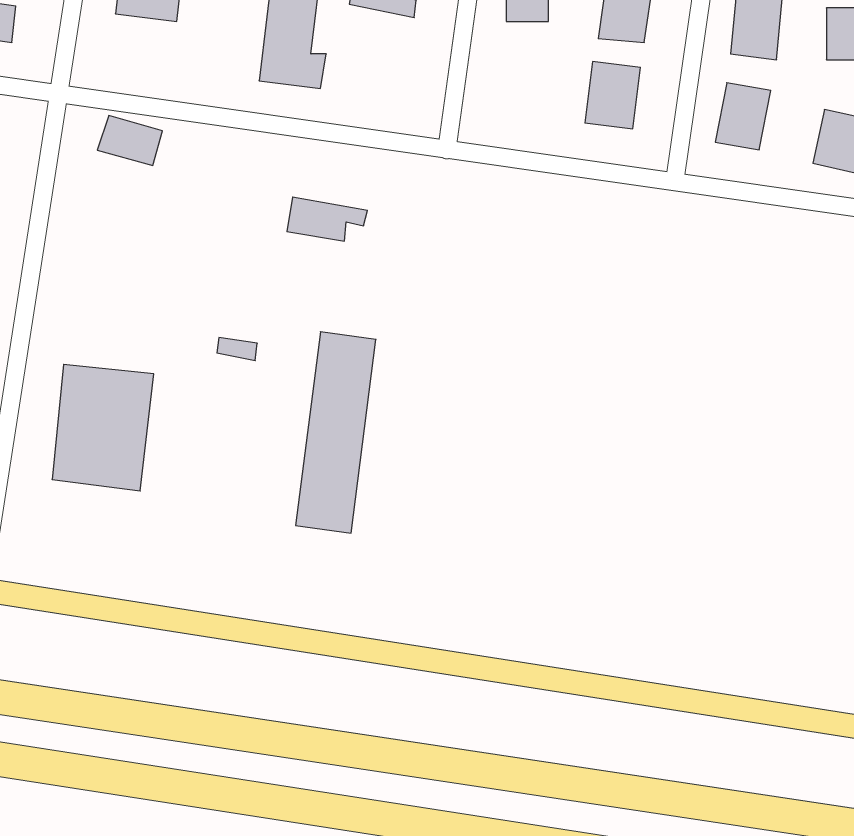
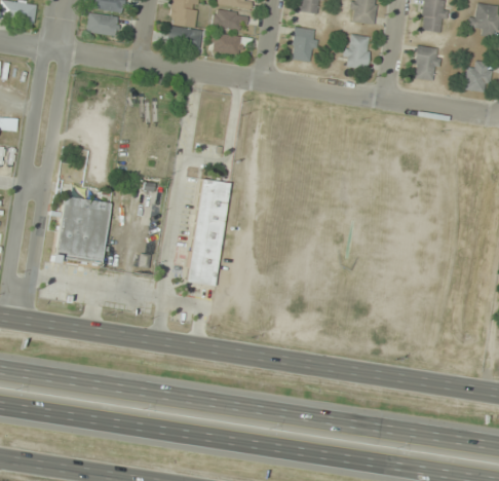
building: none -> [212,9,247,31]
building: none -> [291,28,317,62]
building: [97,116,162,165] -> [85,11,120,38]
building: [287,197,367,241] -> [209,32,253,56]

